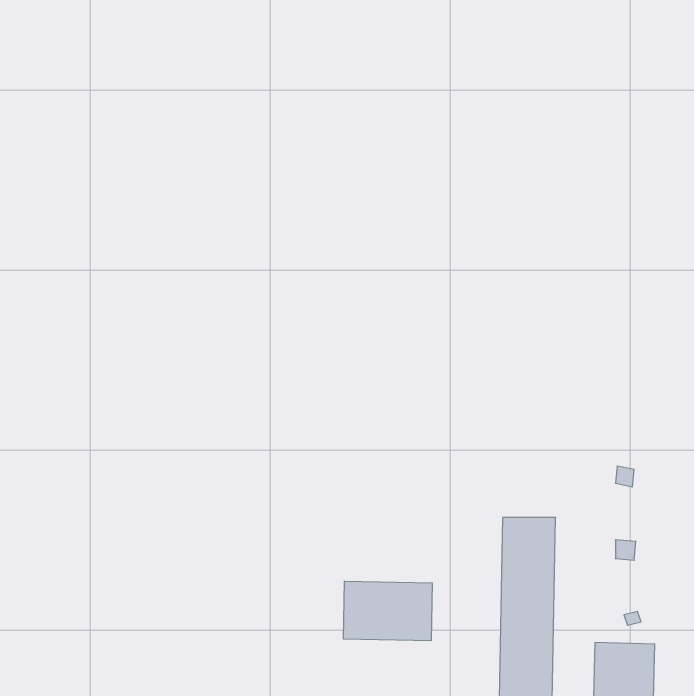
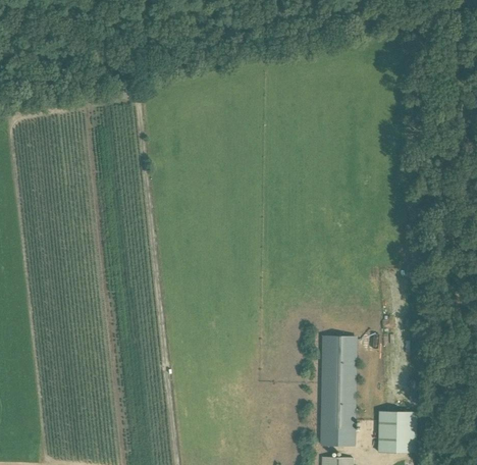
building: [344,581,432,641] -> none

